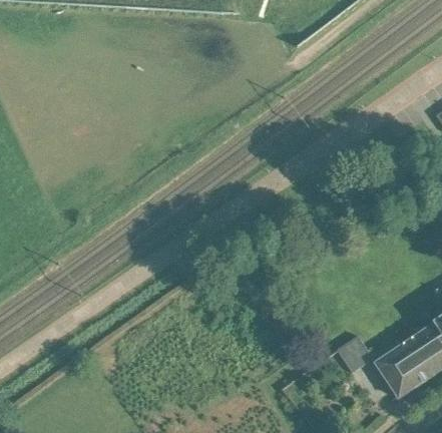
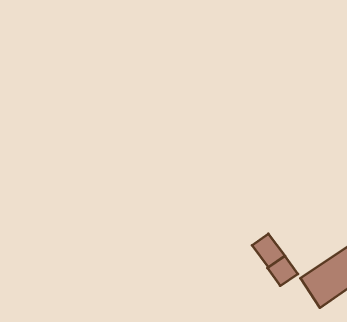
building: none -> [252,234,285,267]

